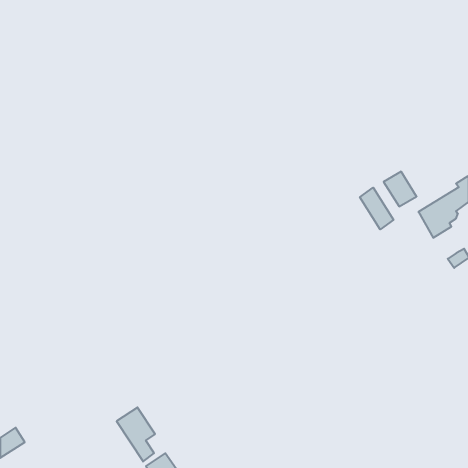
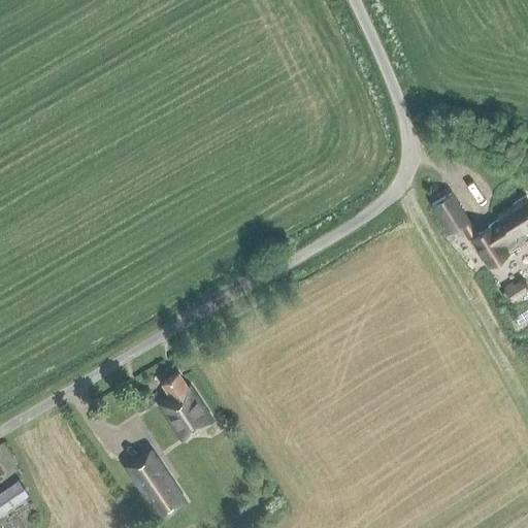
building: [360,188,393,229] -> none
building: none -> [161,374,212,440]

